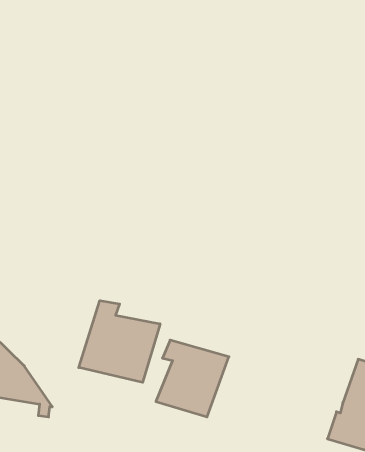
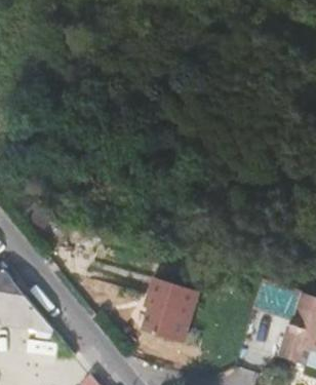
building: [79,301,160,382] -> none

